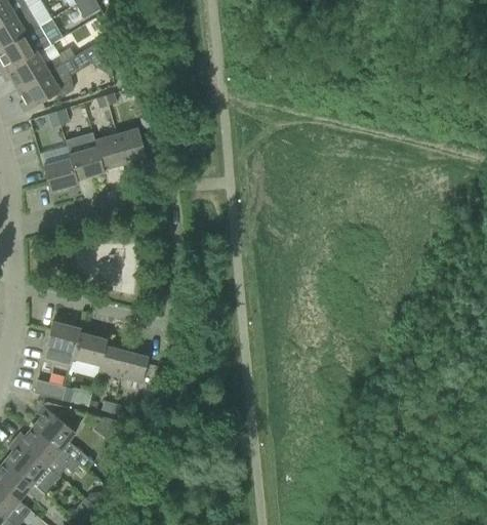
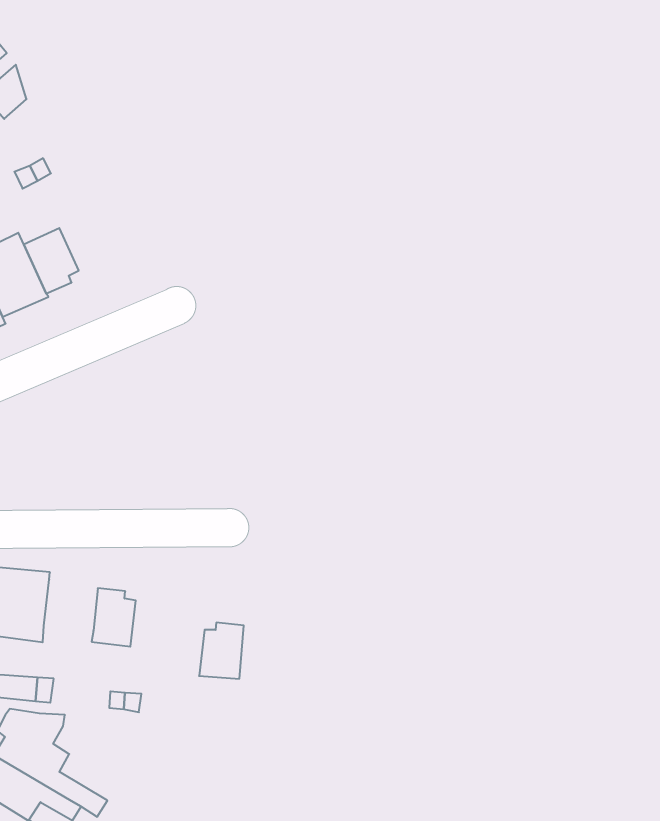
building: [117,128,147,162] -> none
building: [73,332,107,365] -> none
building: [120,349,150,382] -> [199,623,244,679]

